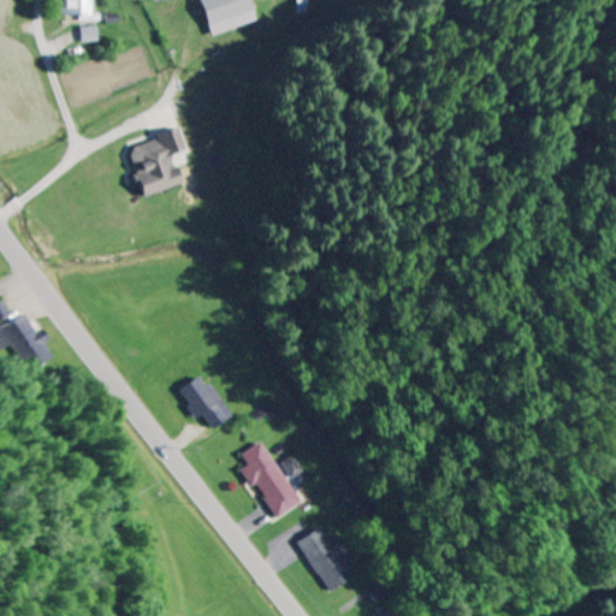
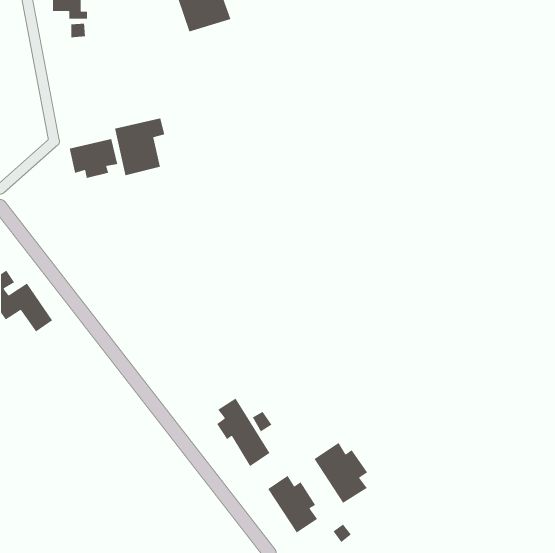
building: none -> [69,138,118,179]
building: [178,375,232,427] -> none
building: none -> [313,442,368,504]

